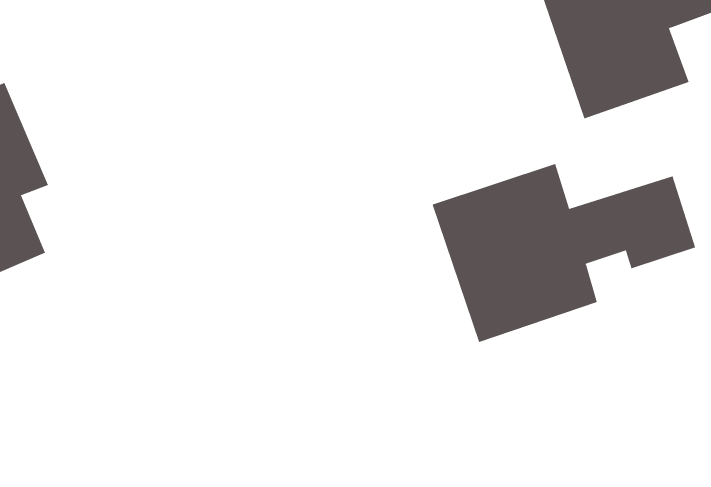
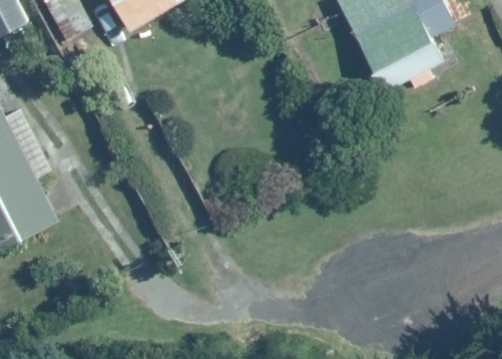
building: [432,163,696,343] -> none

